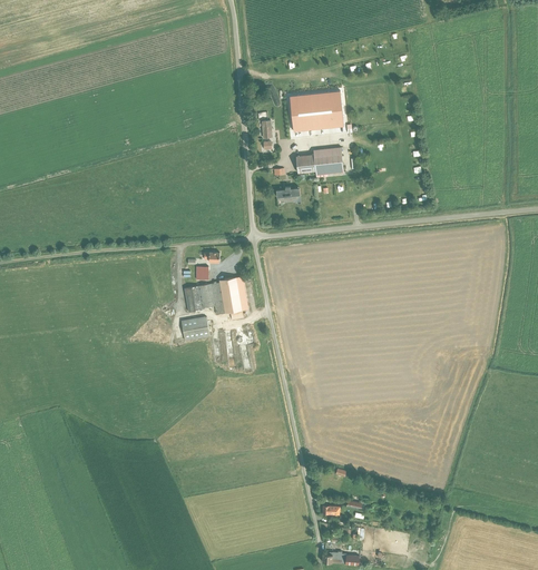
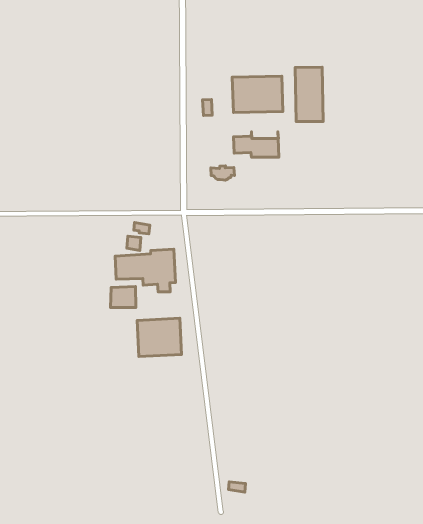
building: none -> [295,67,323,121]
building: none -> [137,318,181,357]

